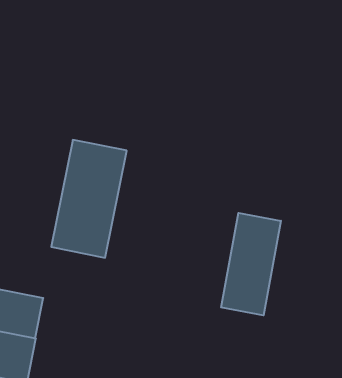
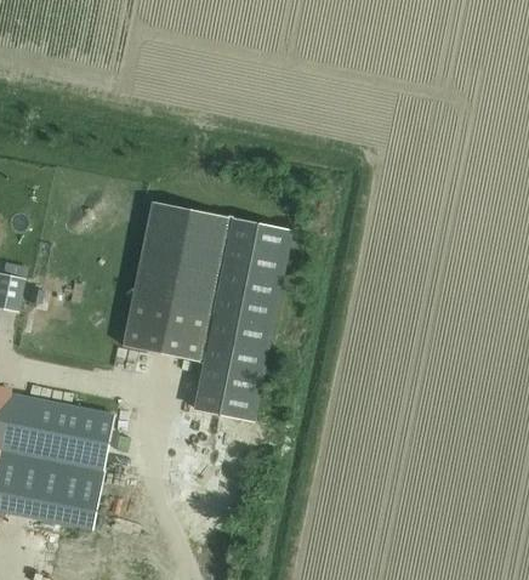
building: none -> [199,220,283,409]
building: [221,213,281,315] -> none

